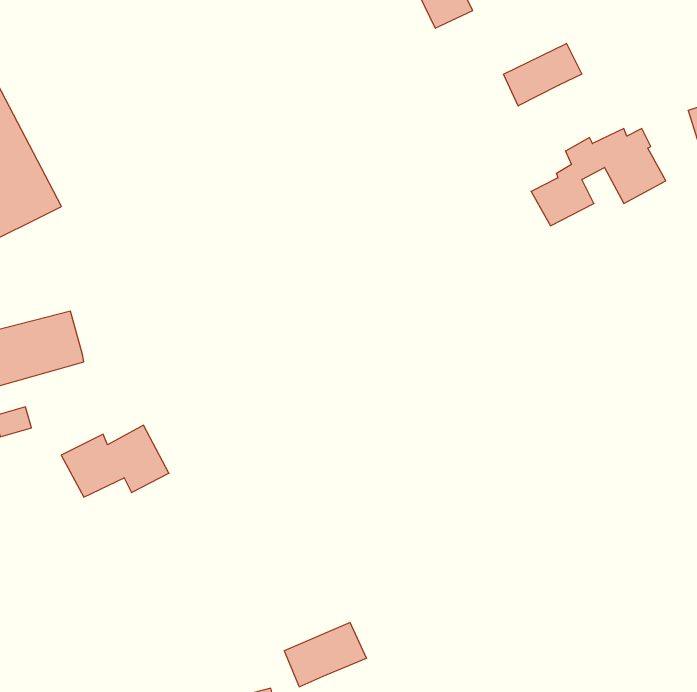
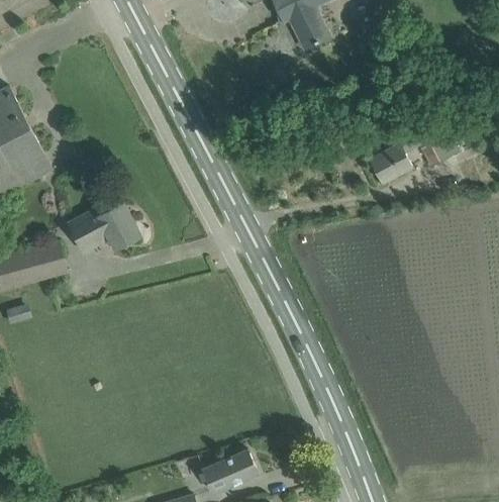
building: [504,43,582,106] -> none
building: [61,425,169,497] -> [67,203,139,252]

